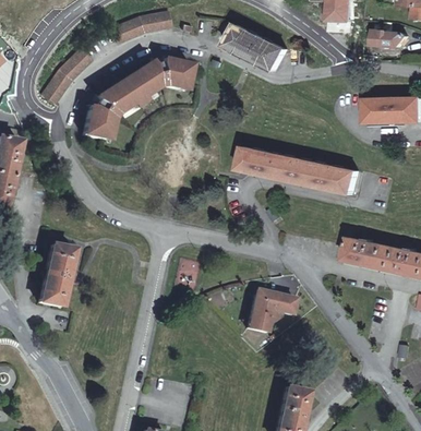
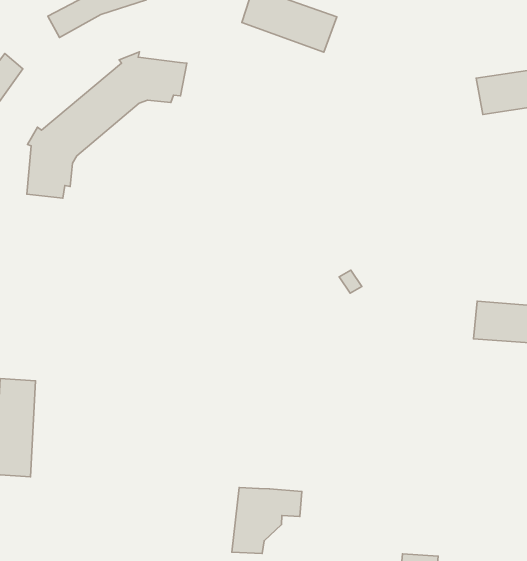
building: [238,149,357,194] -> none
building: [244,291,292,334] -> [232,487,302,553]

